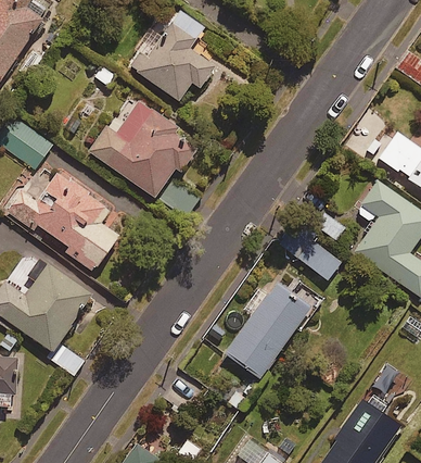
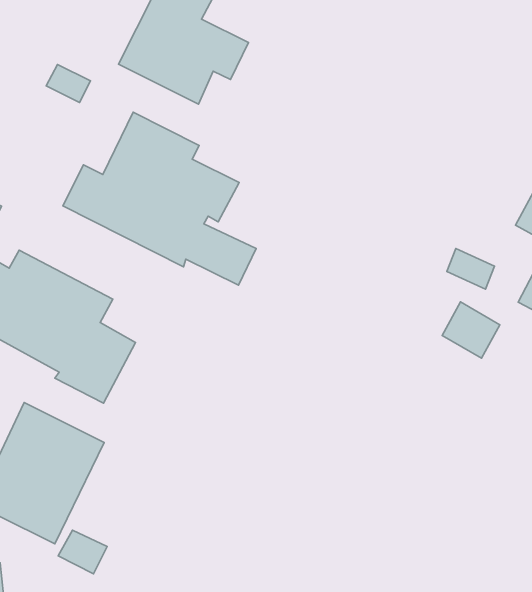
building: [225,280,320,379] -> none

